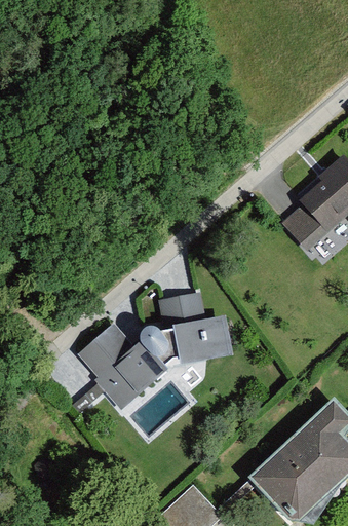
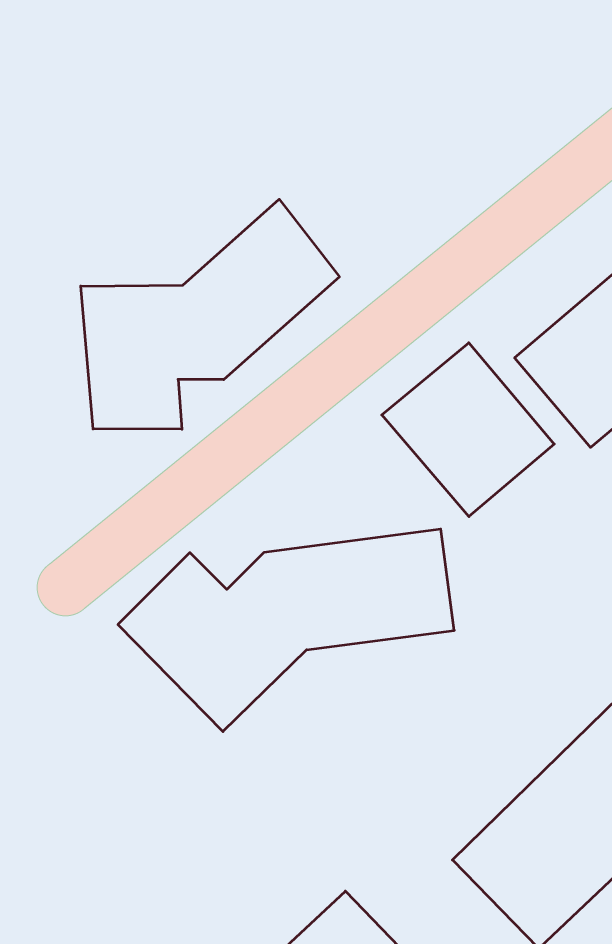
building: none -> [81,199,339,429]
building: none -> [382,343,554,517]

